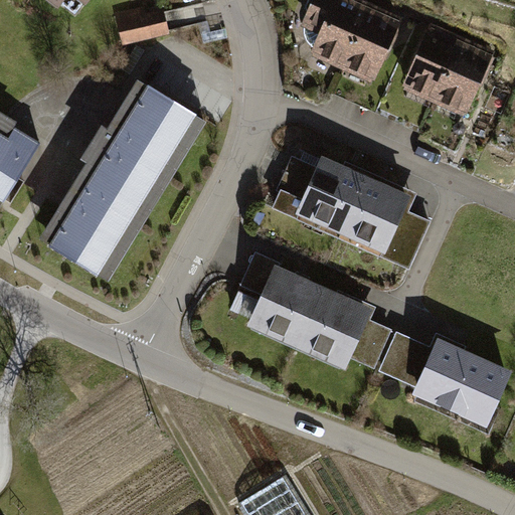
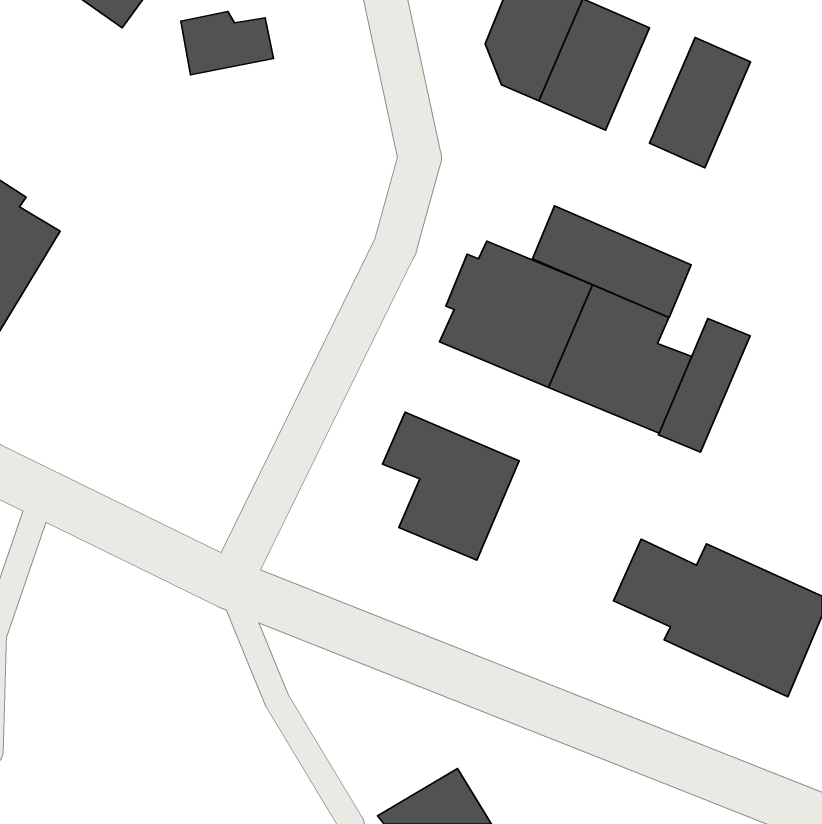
building: [436,38,498,118] -> none
building: [39,79,205,280] -> none
building: none -> [532,206,691,318]
building: none -> [658,319,750,452]
building: [295,285,386,368] -> none

